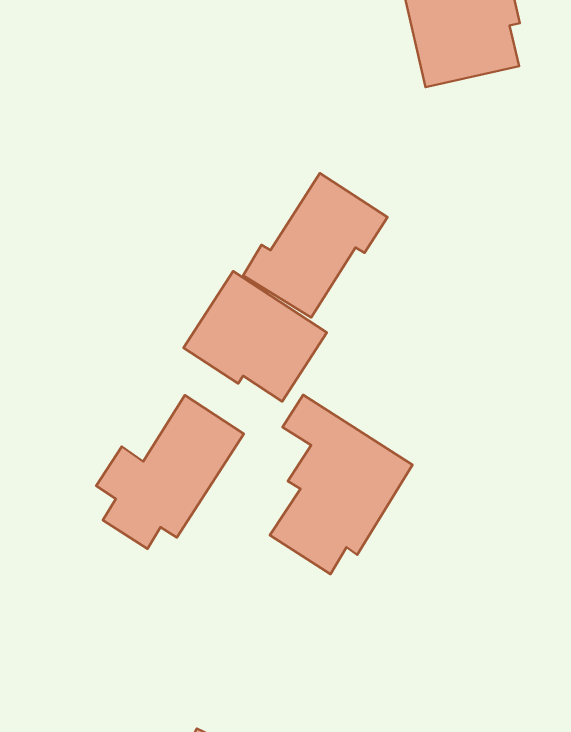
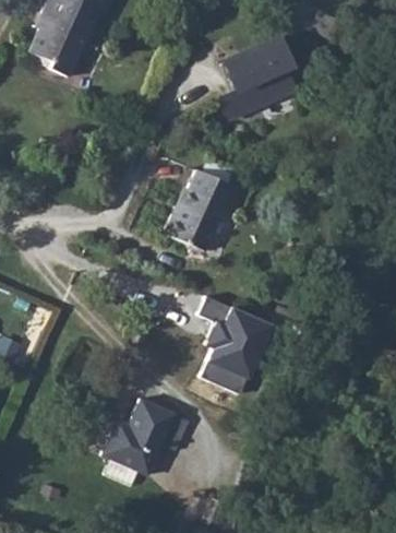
building: [183,271,327,402] -> none
building: [96,395,244,549] -> [98,396,176,485]

